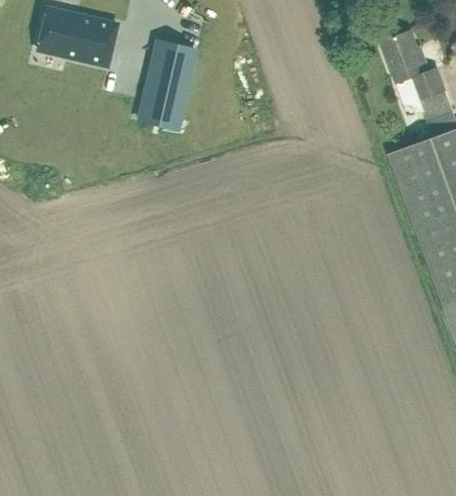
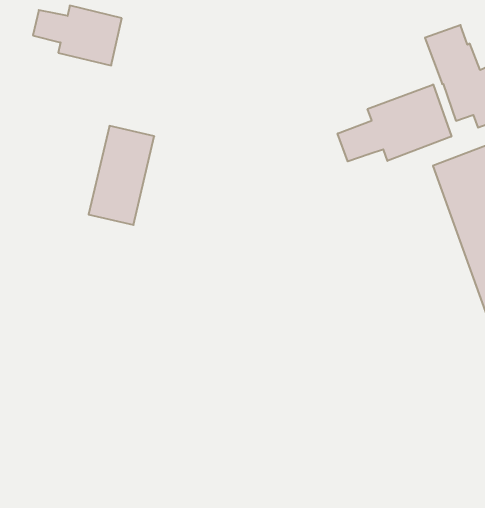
building: [137,41,195,128] -> [89,126,154,225]
building: none -> [338,84,451,161]

